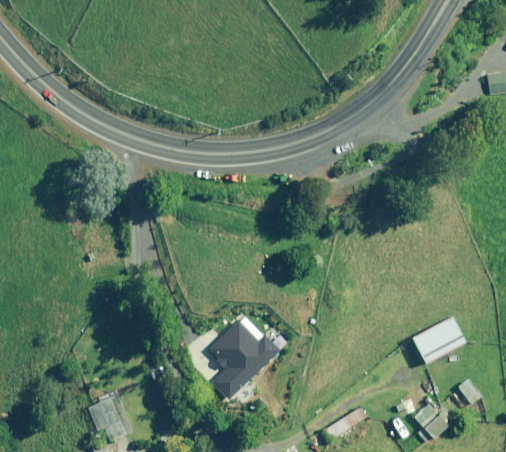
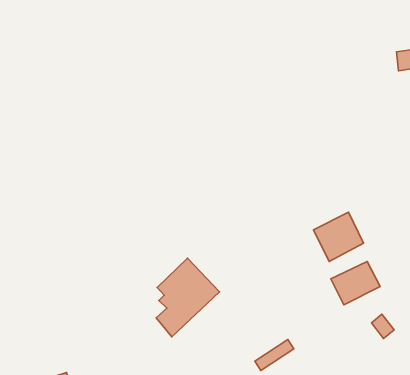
building: none -> [313,212,364,262]
building: [88,398,128,441] -> none
building: [416,404,457,443] -> none

